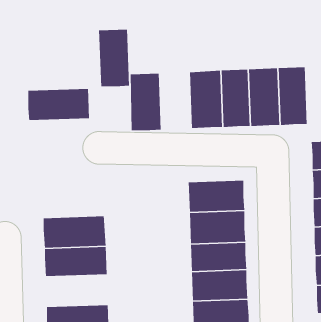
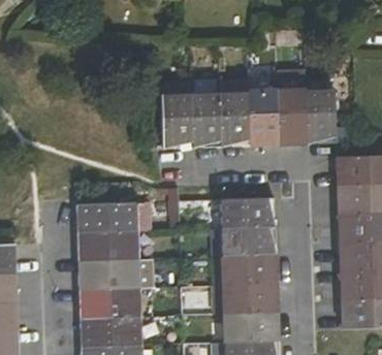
building: [98,29,130,87] -> [191,91,222,148]
building: [27,88,90,121] -> [76,201,137,233]
building: none -> [79,289,141,320]

